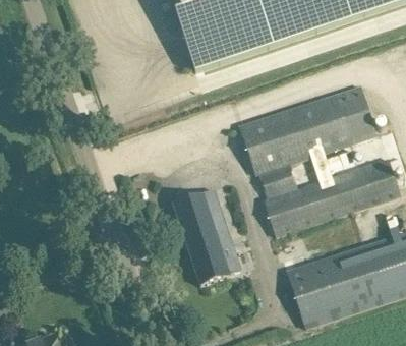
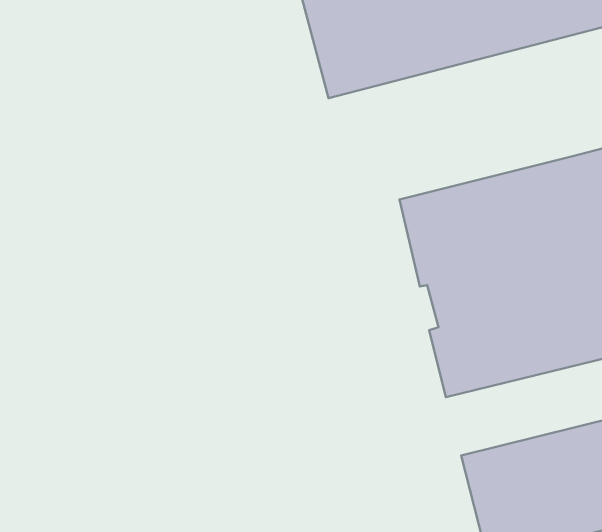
building: [173,189,241,286] -> none

